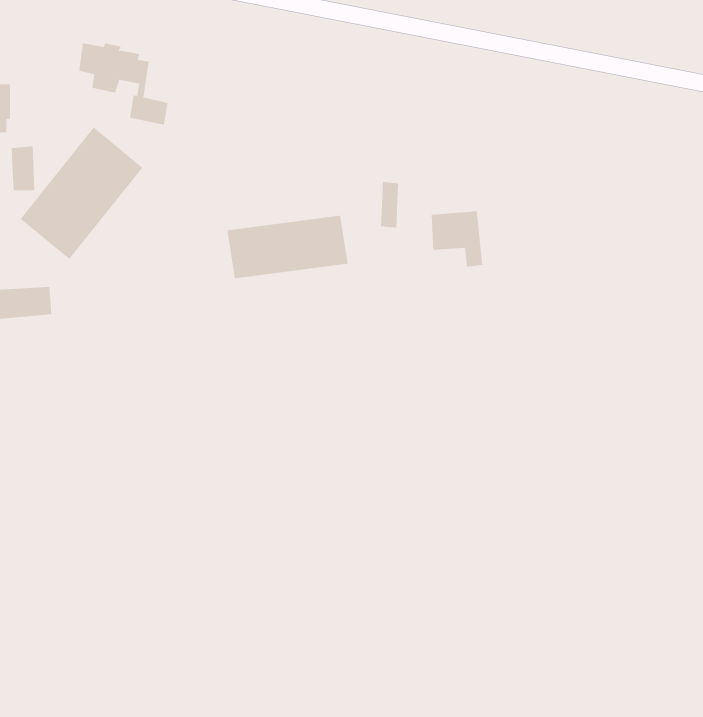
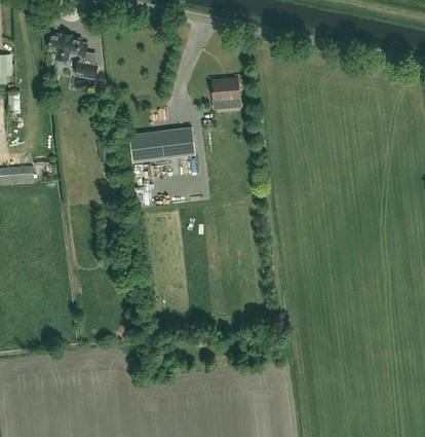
building: [20,127,143,260] -> none
building: [431,211,483,267] -> [212,78,241,109]

